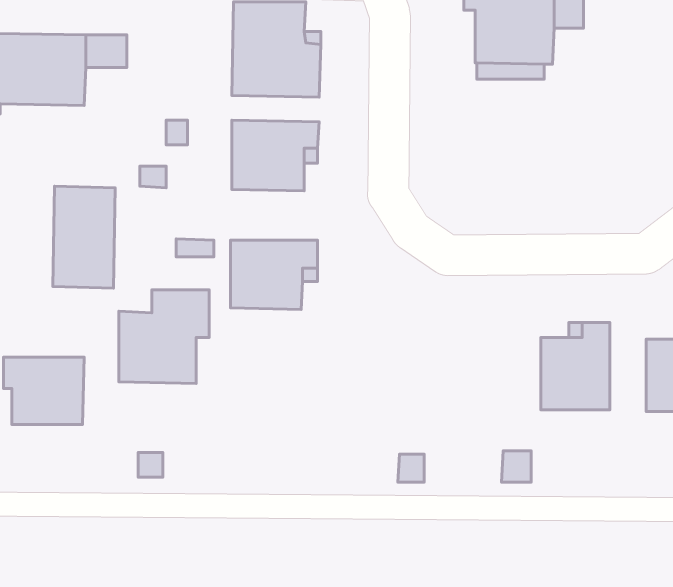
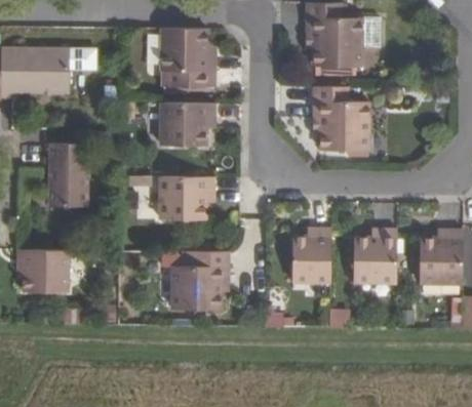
building: none -> [313,87,368,152]
building: [119,290,209,384] -> [172,252,229,311]
building: none -> [292,229,331,282]

